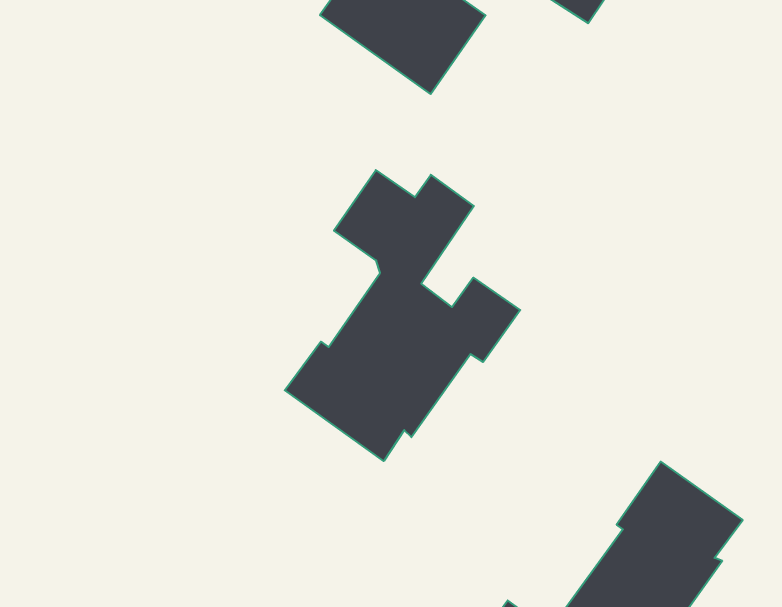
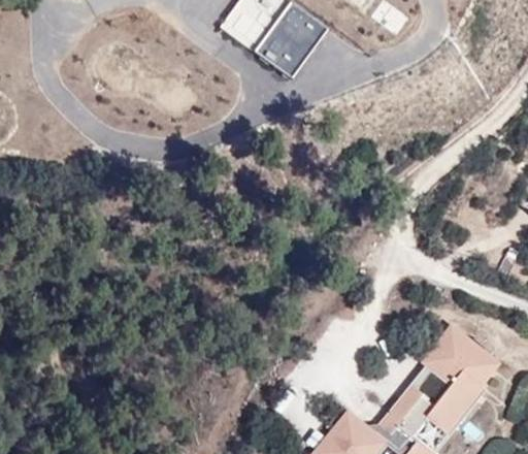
building: [285,170,520,461] -> none

